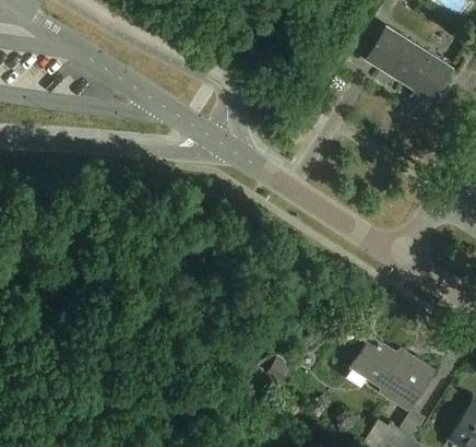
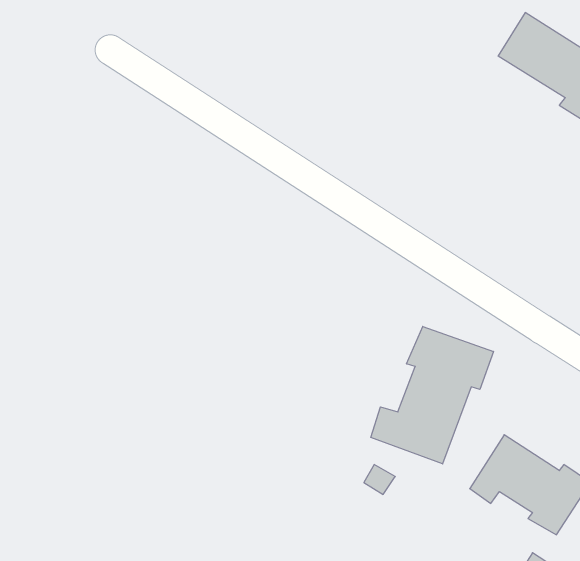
building: none -> [371,326,493,464]

